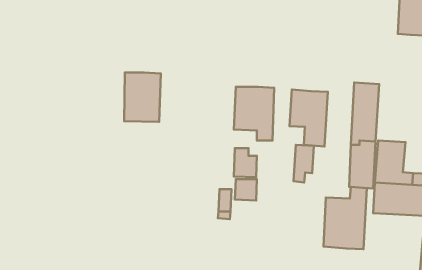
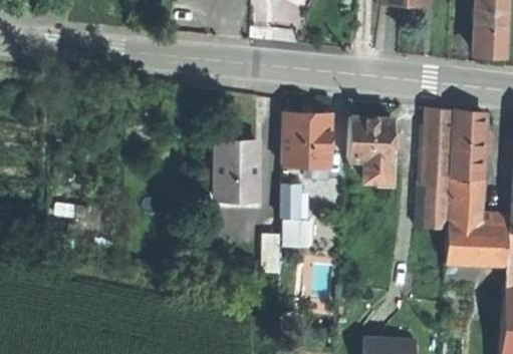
building: [124,72,161,122] -> [215,139,258,198]
building: none -> [451,112,487,180]
building: [293,145,314,182] -> none
building: [323,187,367,249] -> none

